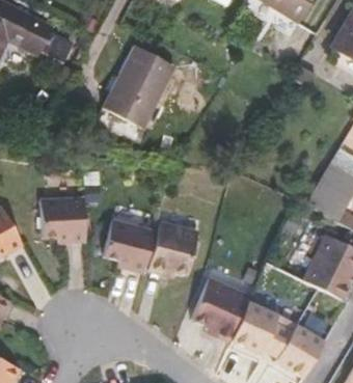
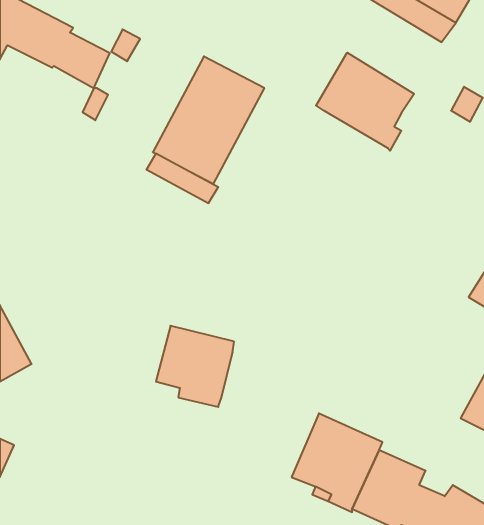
building: none -> [316,53,414,151]
building: [42,195,87,241] -> none
building: [146,222,198,275] -> none

